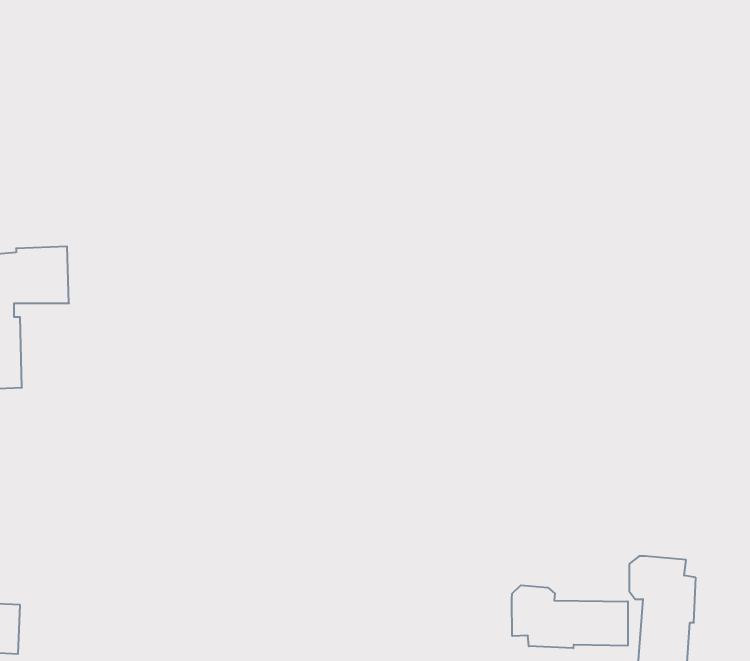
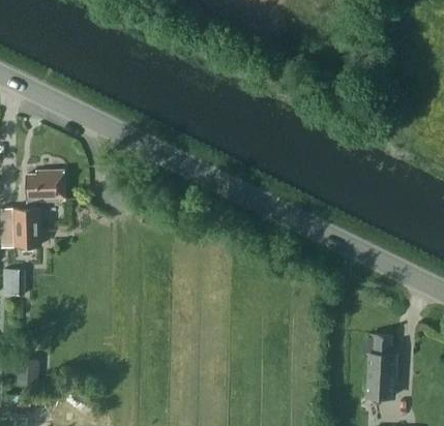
building: [512,585,628,648] -> none

